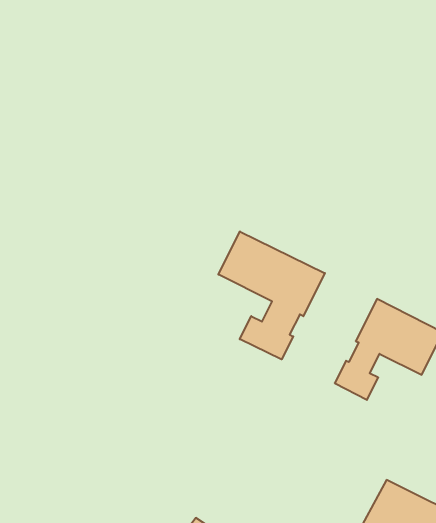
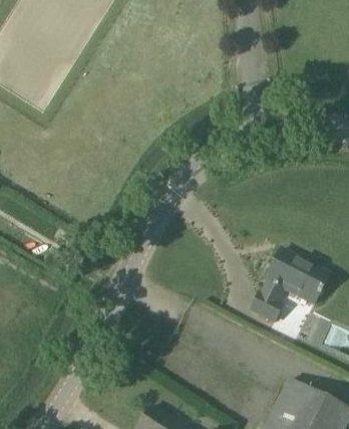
building: [218,231,325,359] -> none

